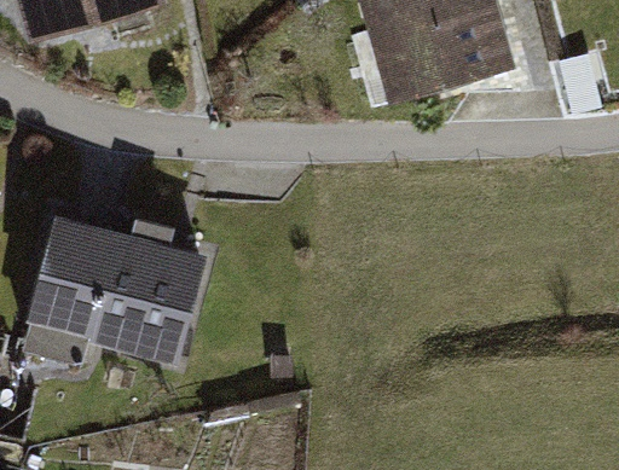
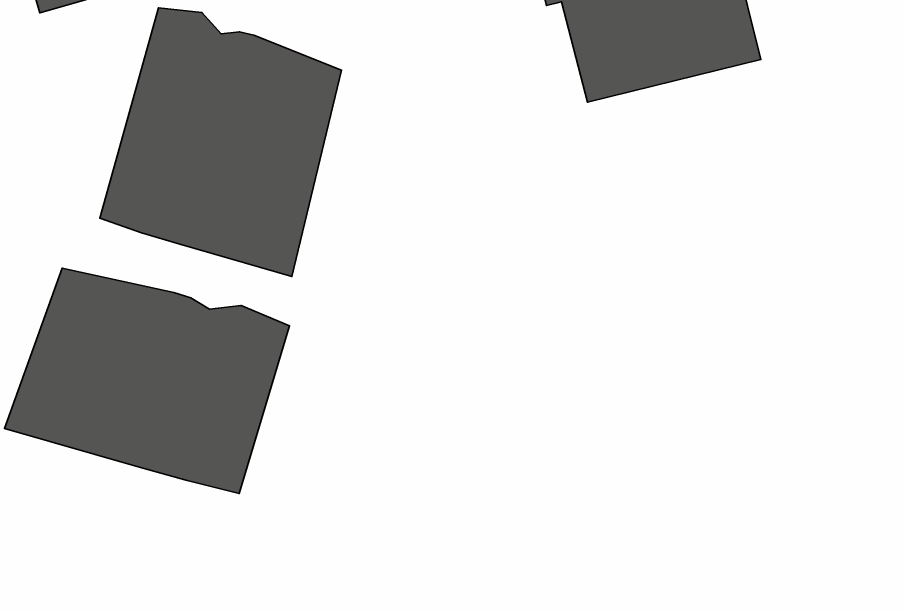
building: none -> [100,8,342,276]

